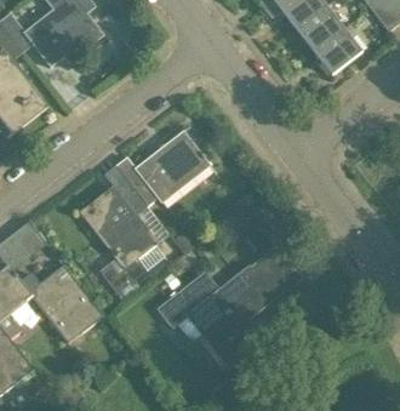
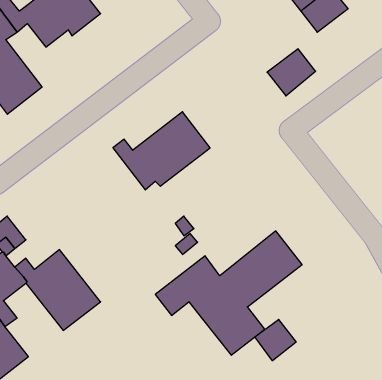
building: [314,28,361,74] -> [267,49,316,96]
building: [79,164,158,291] -> none
building: none -> [255,319,296,361]

